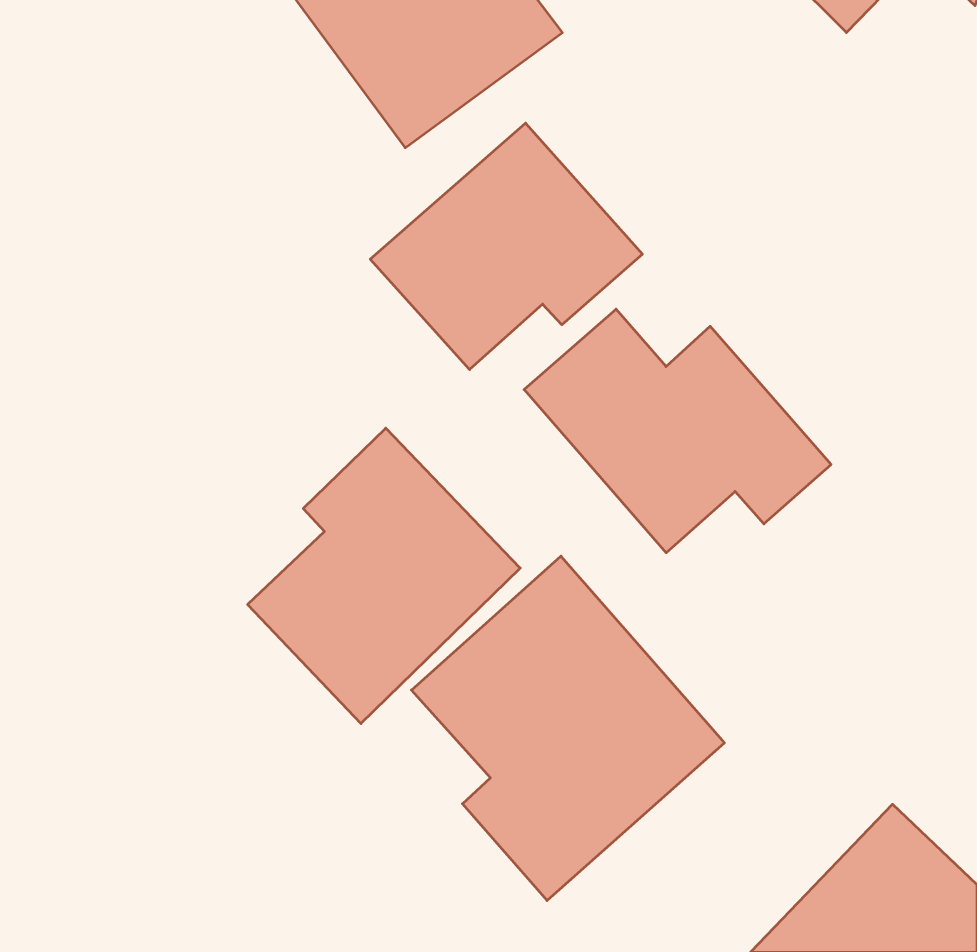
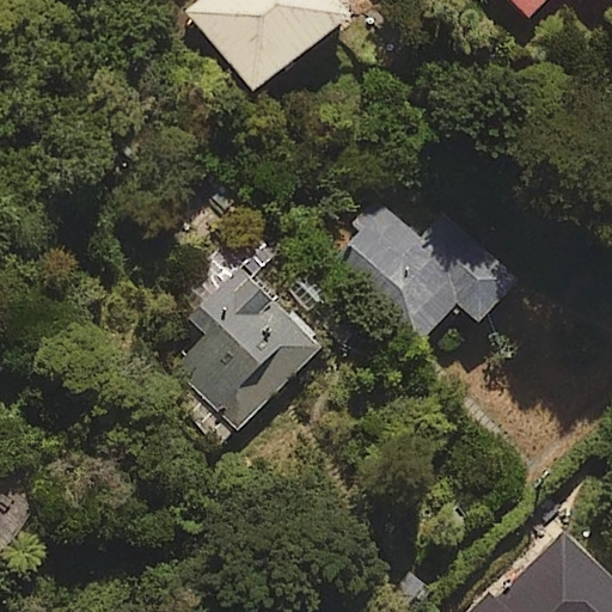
building: [370,123,642,370] -> none
building: [411,556,724,901] -> none

